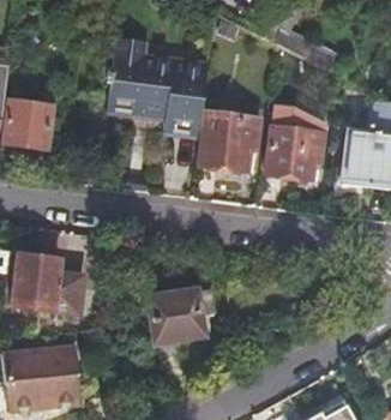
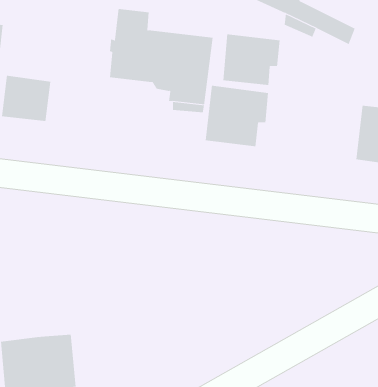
building: [267,126,323,175] -> [223,34,280,85]
building: [11,253,83,312] -> none
building: [148,287,204,343] -> none

